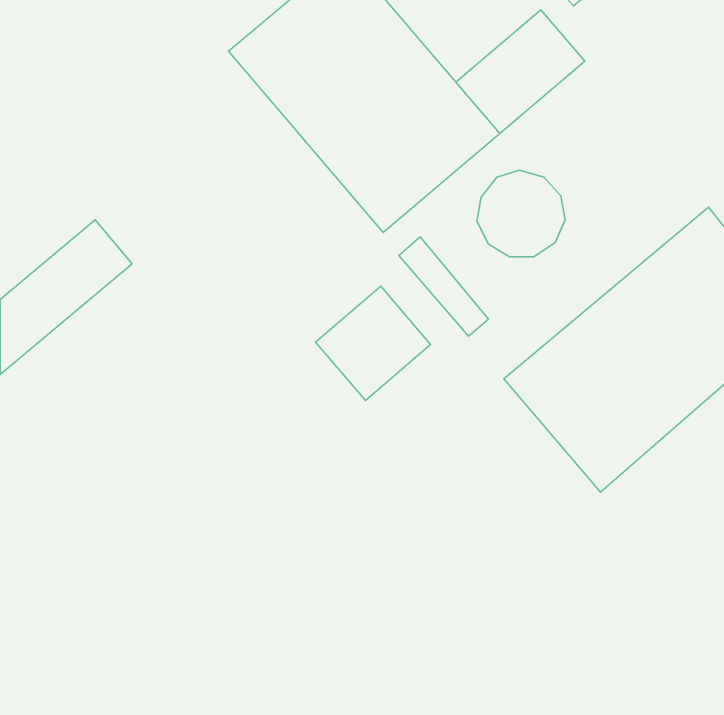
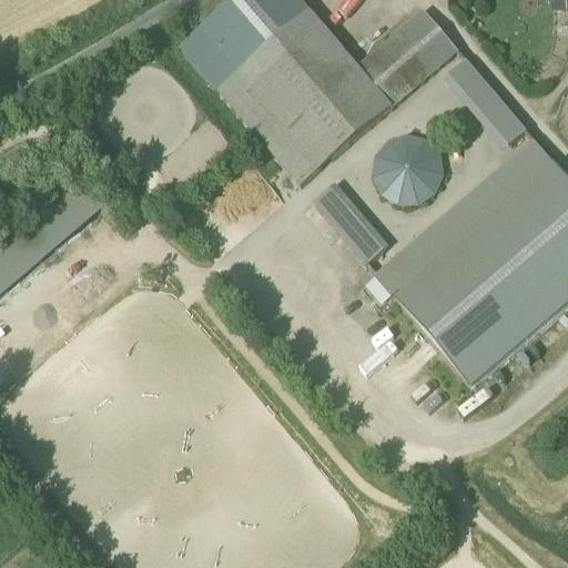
building: none -> [450,58,527,143]
building: none -> [375,138,555,296]
building: [316,286,430,401] -> none

